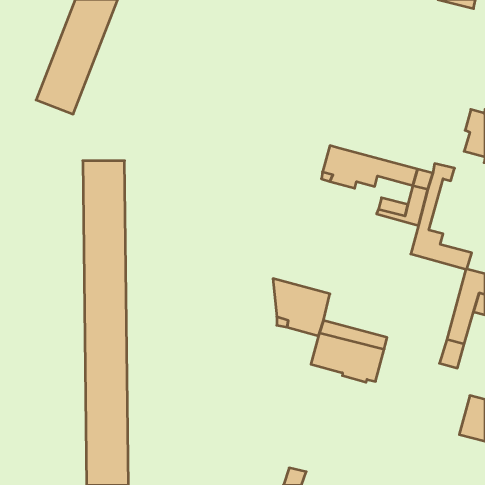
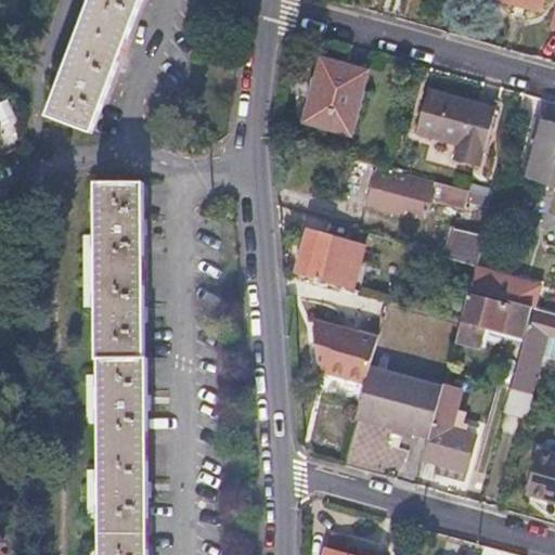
building: none -> [305,61,365,131]
building: none -> [415,91,495,167]
building: none -> [297,229,364,286]
building: none -> [453,293,526,350]
building: none -> [421,393,474,472]

